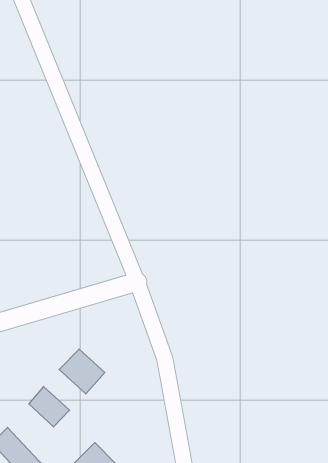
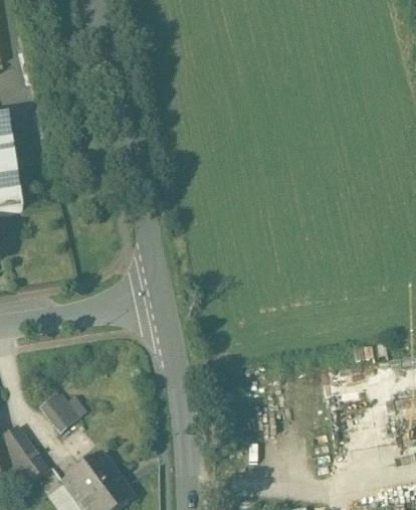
building: [59,349,105,394] -> none

